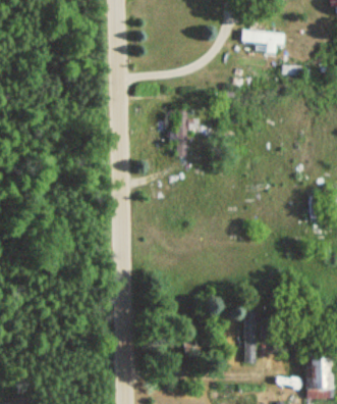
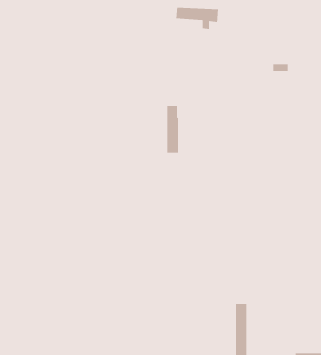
building: [240,31,284,54] -> [176,7,219,30]

